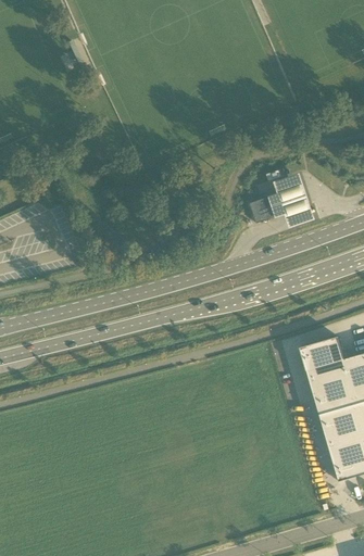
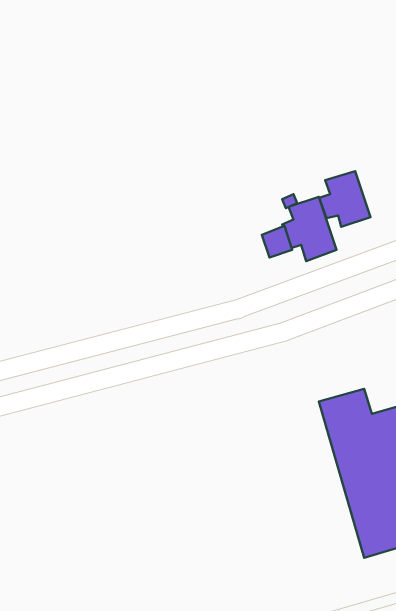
building: none -> [319,171,371,227]

